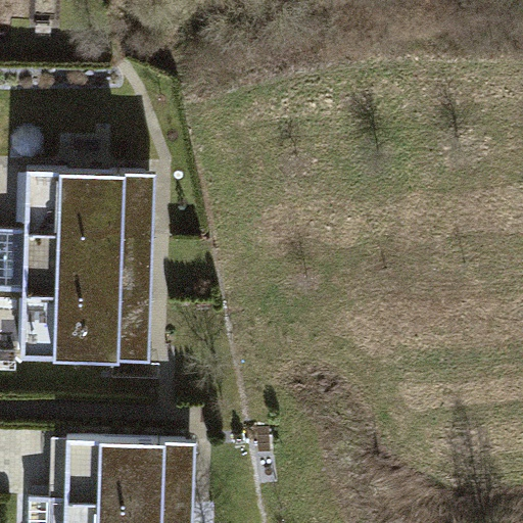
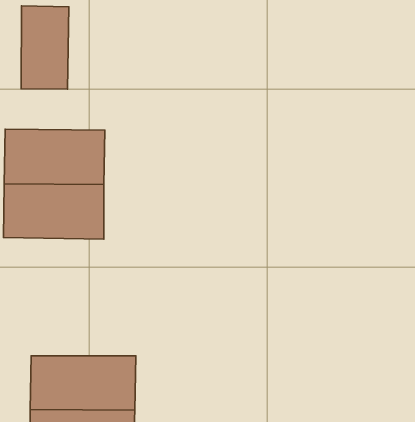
building: none -> [21,6,69,89]
building: [20,297,143,366] -> none

